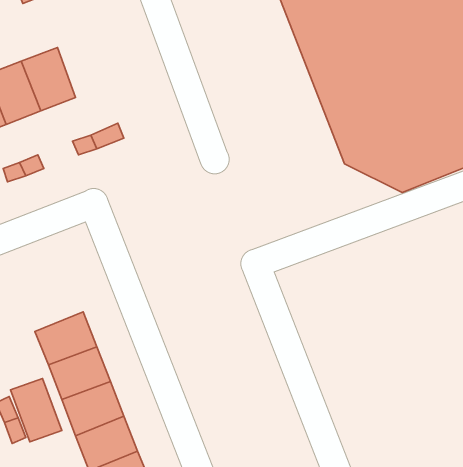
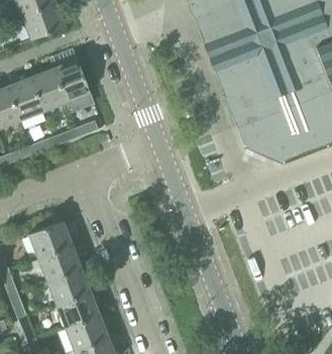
building: none -> [54,60,94,111]
building: none -> [29,221,72,258]
building: [10,378,62,442] -> none

